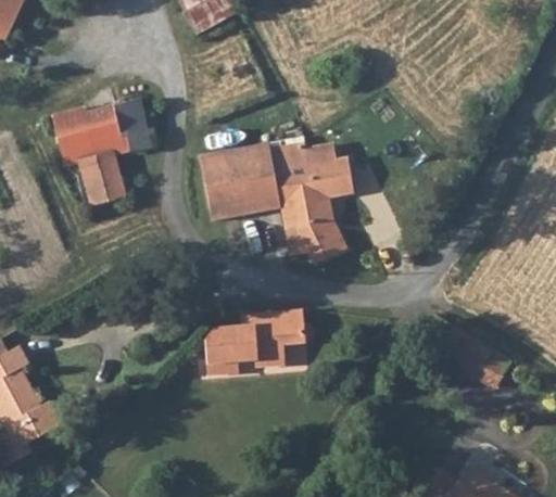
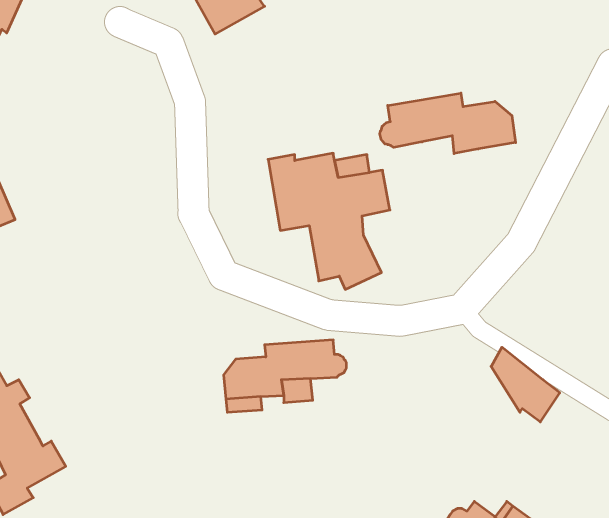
building: none -> [380,93,516,154]
building: [52,98,159,206] -> none
building: [199,146,255,218] -> none

